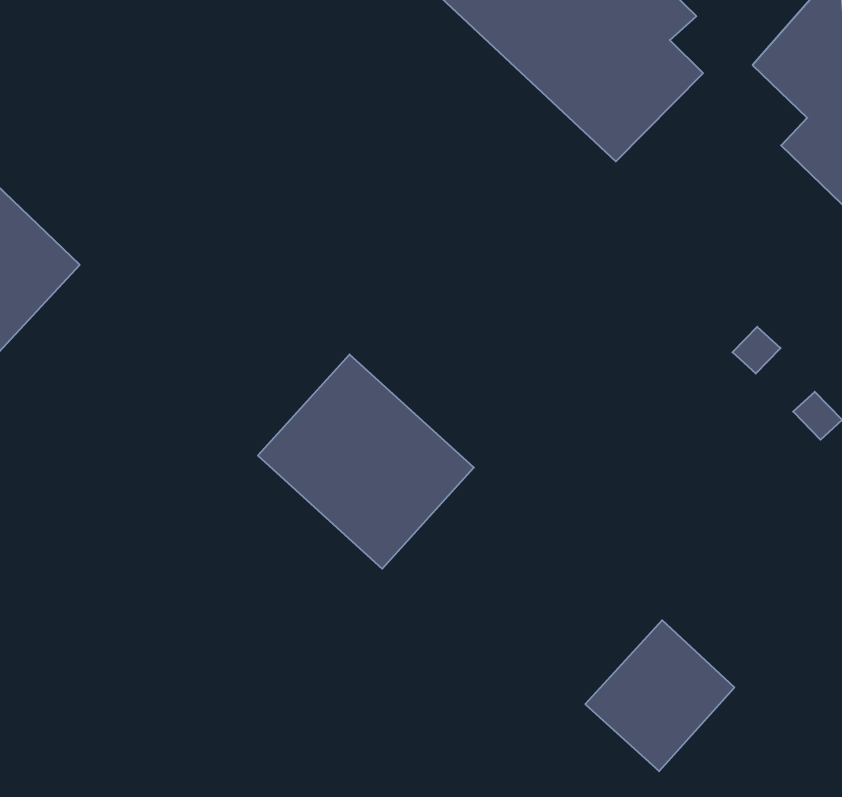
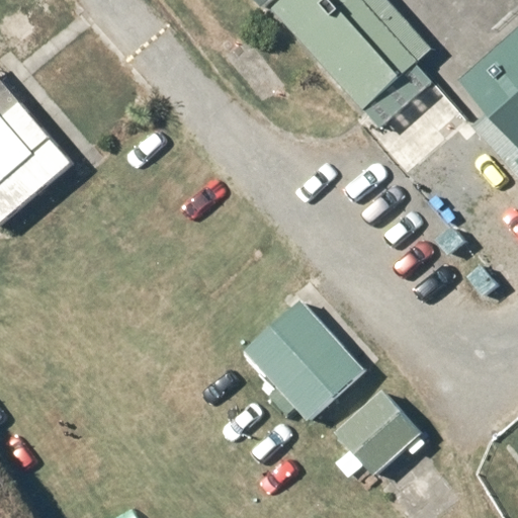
building: [258,354,474,569] -> [244,299,365,422]

